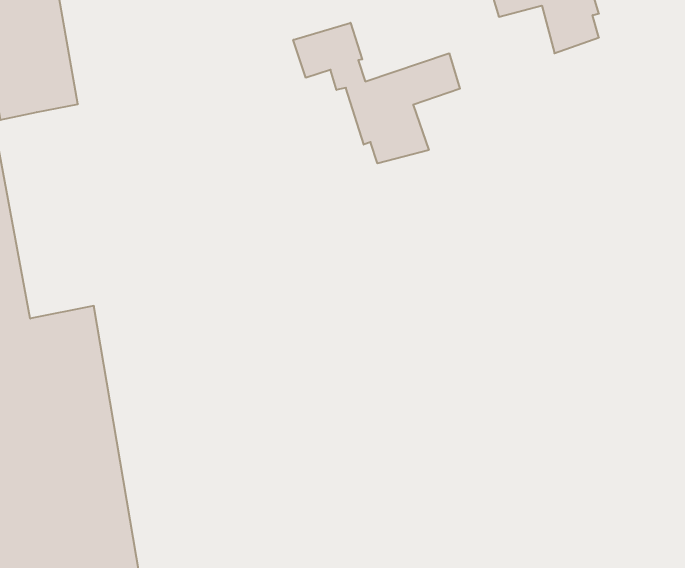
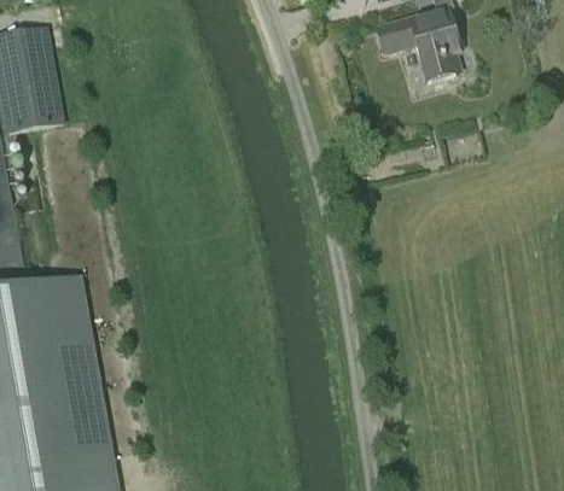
building: [293,23,460,163] -> none

